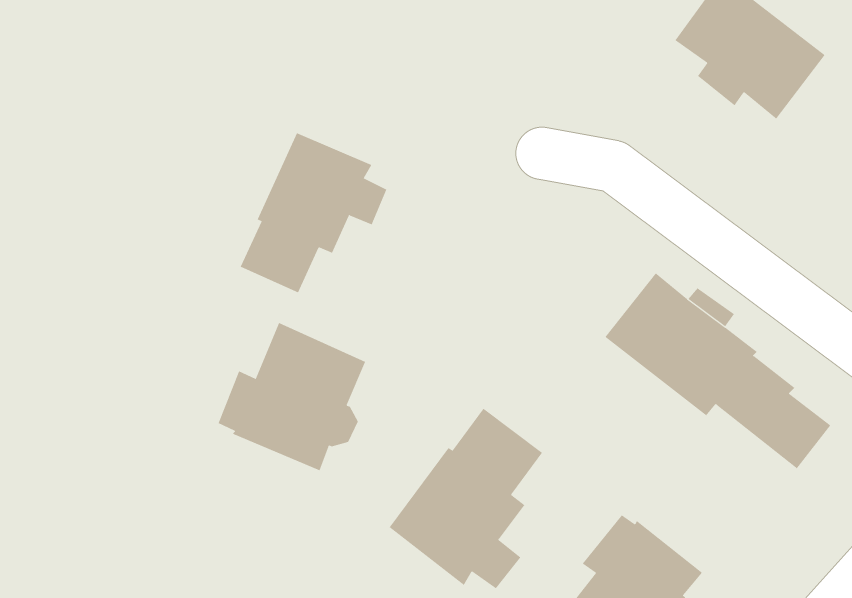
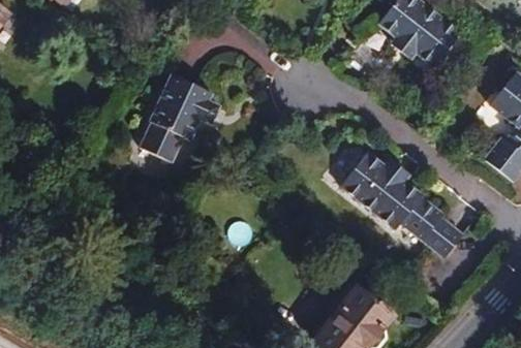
building: [218,322,366,471] -> none
building: [389,408,543,589] -> none

